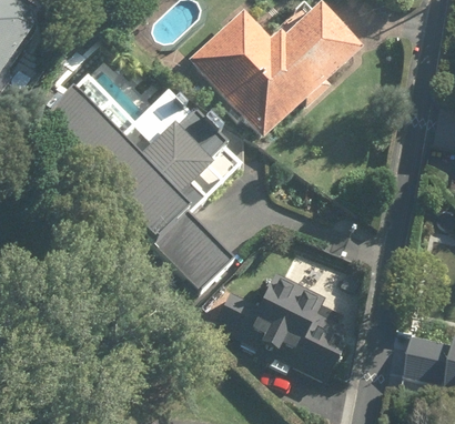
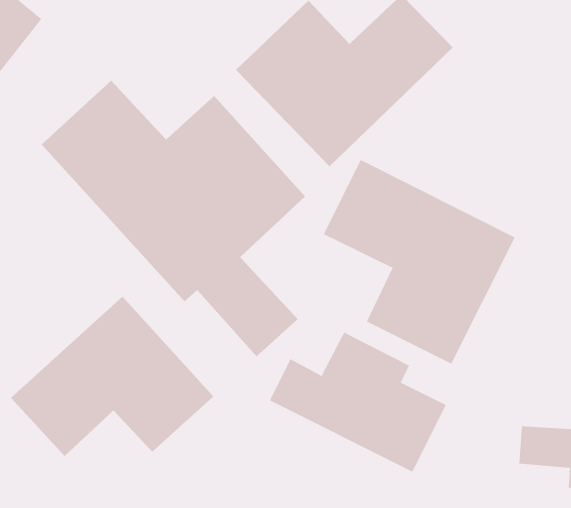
building: none -> [323,159,515,365]
building: none -> [10,296,214,457]

